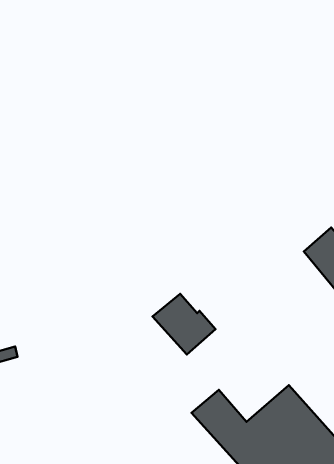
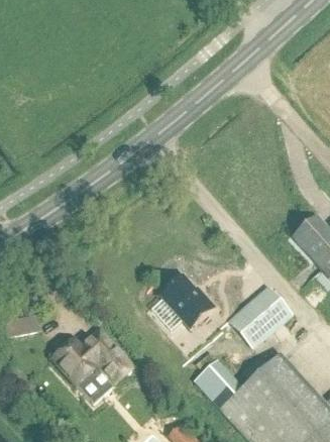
building: none -> [228,287,290,347]
building: none -> [52,327,132,403]

